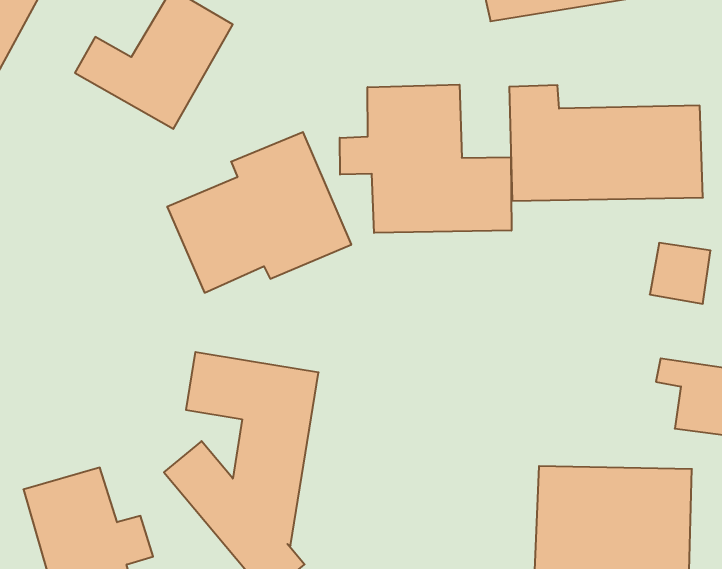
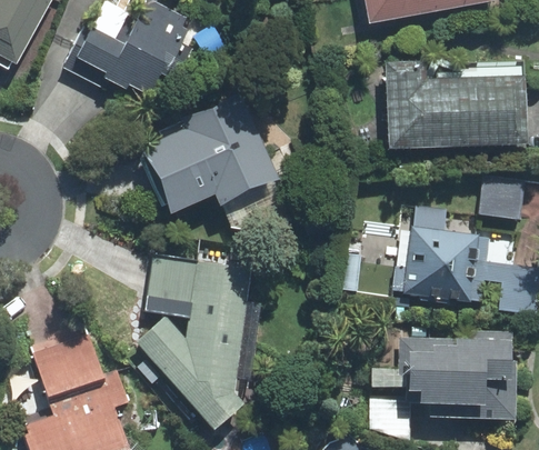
building: [340,85,511,233] -> none
building: none -> [406,228,489,304]

